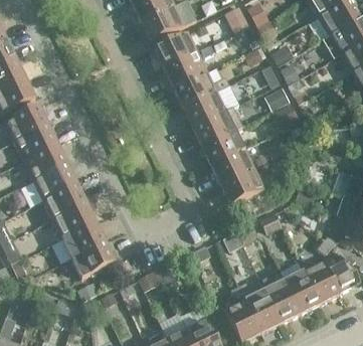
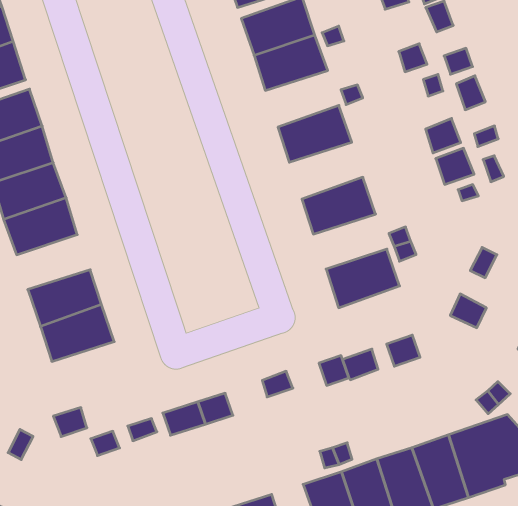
building: [173,70,216,107] -> none
building: [192,110,235,146] -> none
building: [211,149,254,184] -> none
building: [43,183,86,218] -> none
building: [71,241,116,278] -> none

